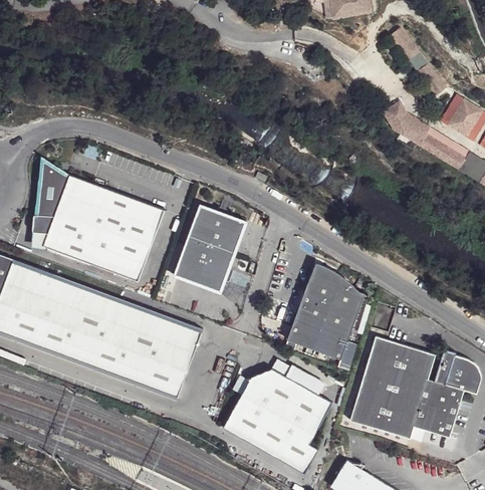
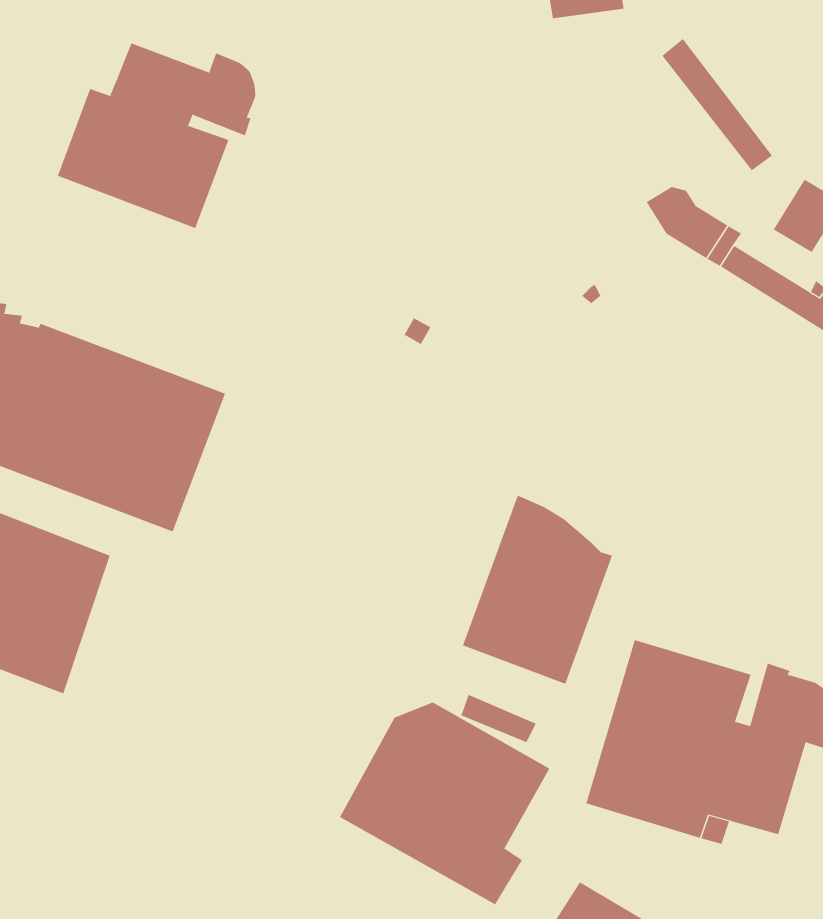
building: none -> [57,43,256,229]
building: [173,205,245,293] -> none
building: [81,293,202,400] -> none

